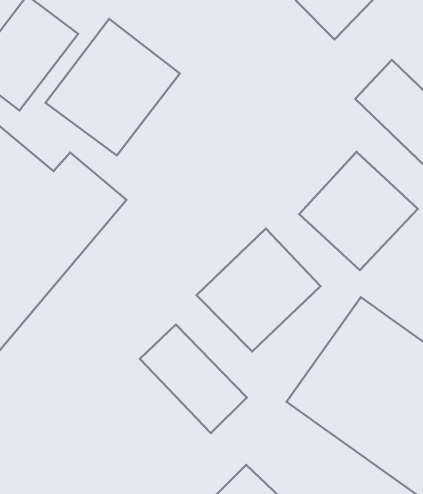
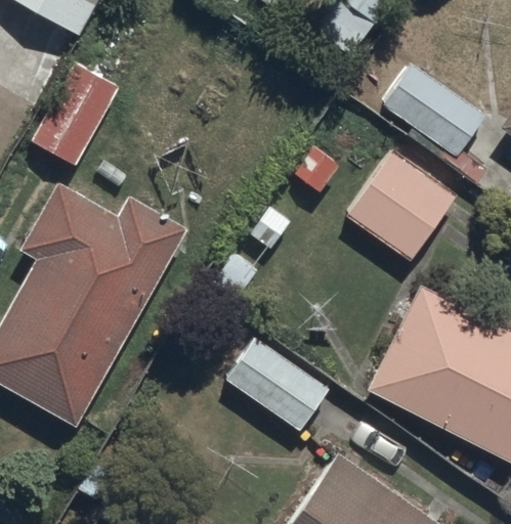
building: [45,19,180,155] -> none
building: [196,228,321,352] -> none

